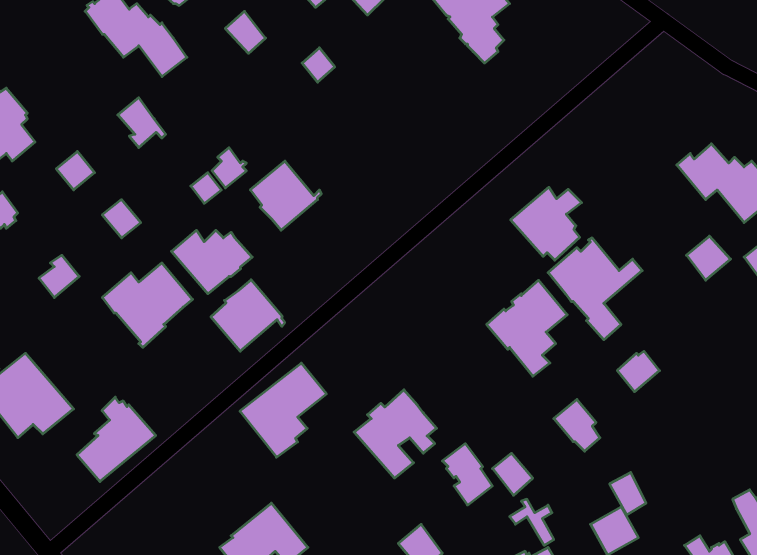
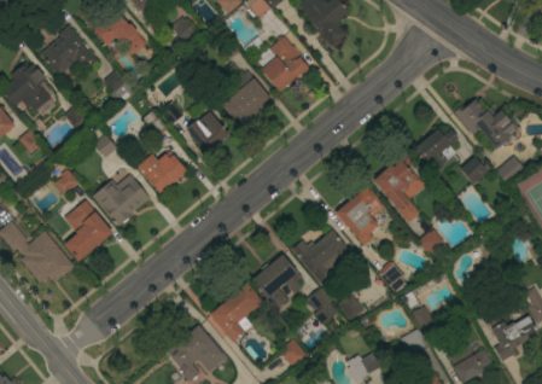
building: none -> [40,25,98,76]
building: none -> [261,35,310,92]
building: none -> [221,71,270,128]
building: [511,187,582,260] -> [414,128,459,174]
building: [211,280,285,351] -> none
building: none -> [291,229,357,287]
building: [240,363,326,457] -> [209,284,263,343]
building: [77,397,156,482] -> [64,209,113,262]

